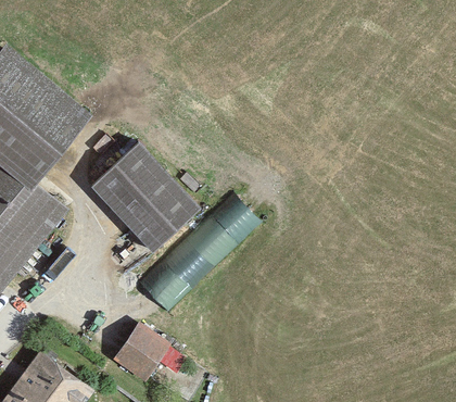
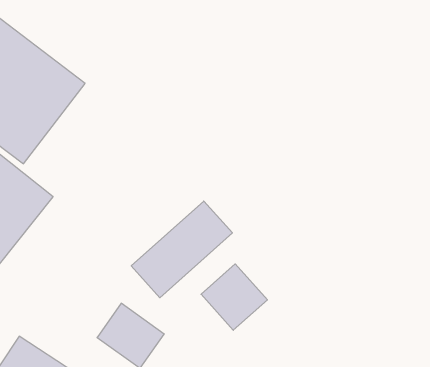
building: [83,134,204,256] -> none
building: none -> [201,264,267,330]

